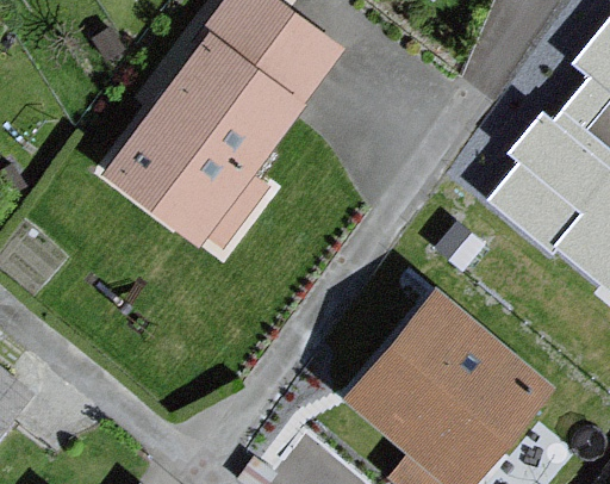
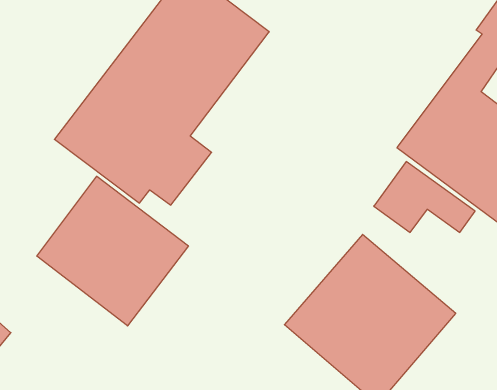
building: none -> [37,176,188,326]

